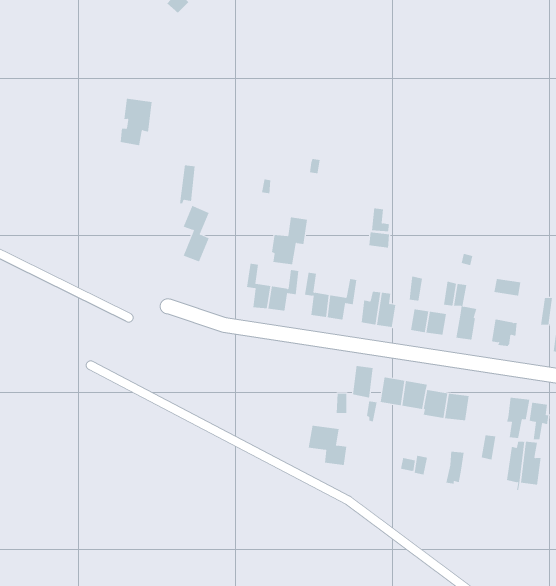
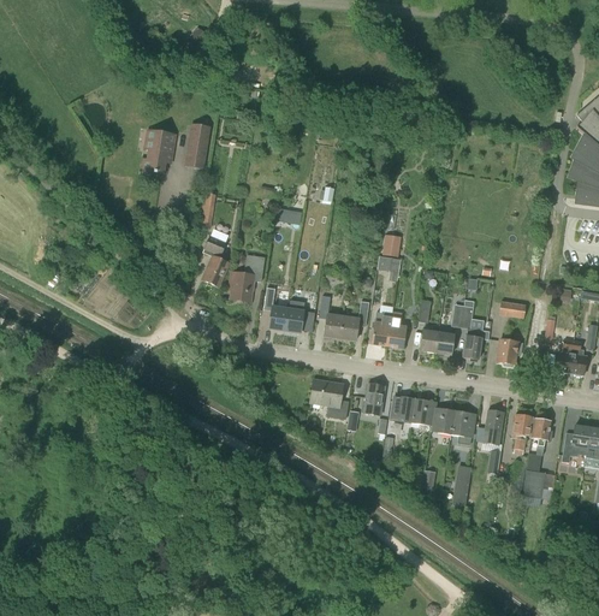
building: none -> [186,123,210,155]
building: [271,217,308,265] -> [230,255,265,301]
building: none -> [484,409,505,444]
building: [308,425,347,465] -> [312,380,349,419]

